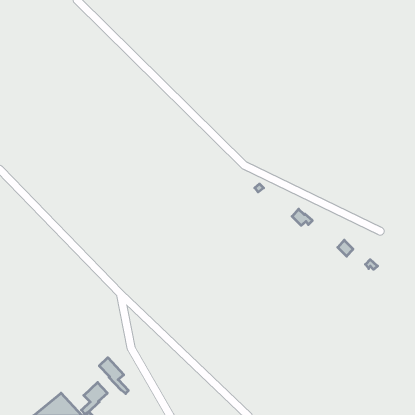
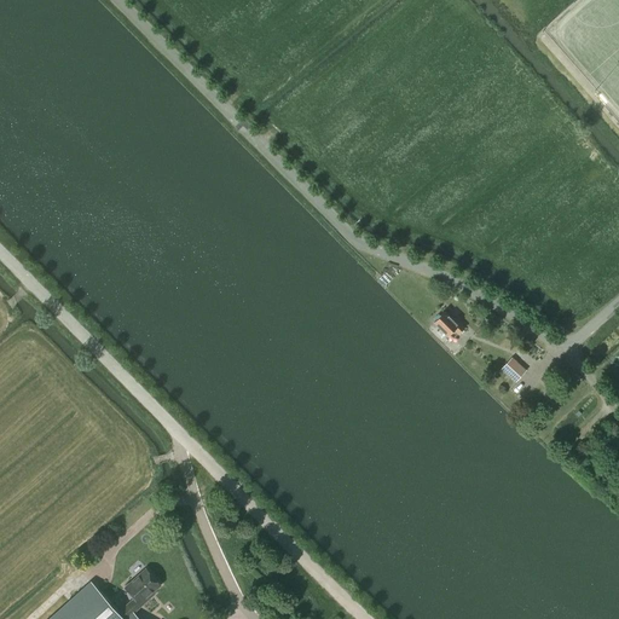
building: [99,358,128,394] -> none

